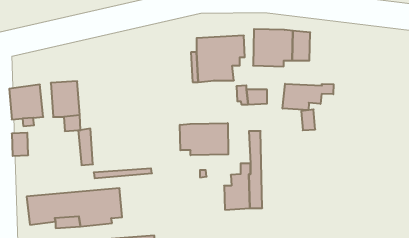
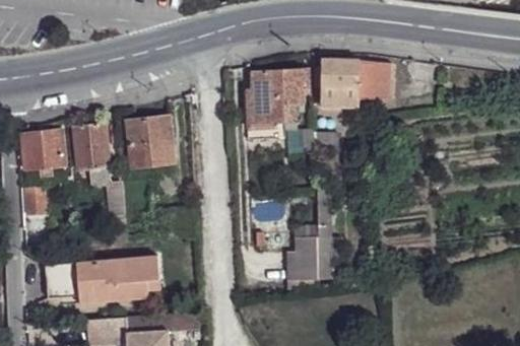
building: none -> [126,117,172,167]
building: [283,84,334,110] -> none
building: [180,123,228,155] -> none

